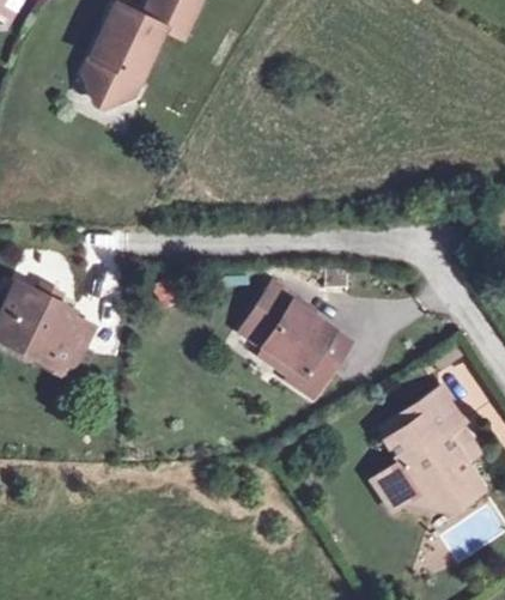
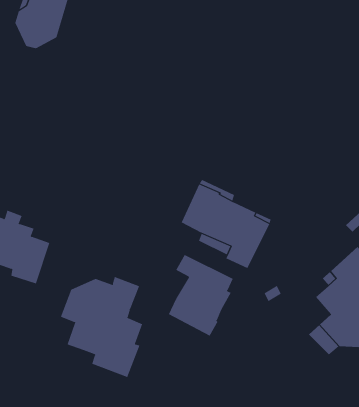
building: none -> [168,254,234,336]
building: none -> [60,276,143,378]

